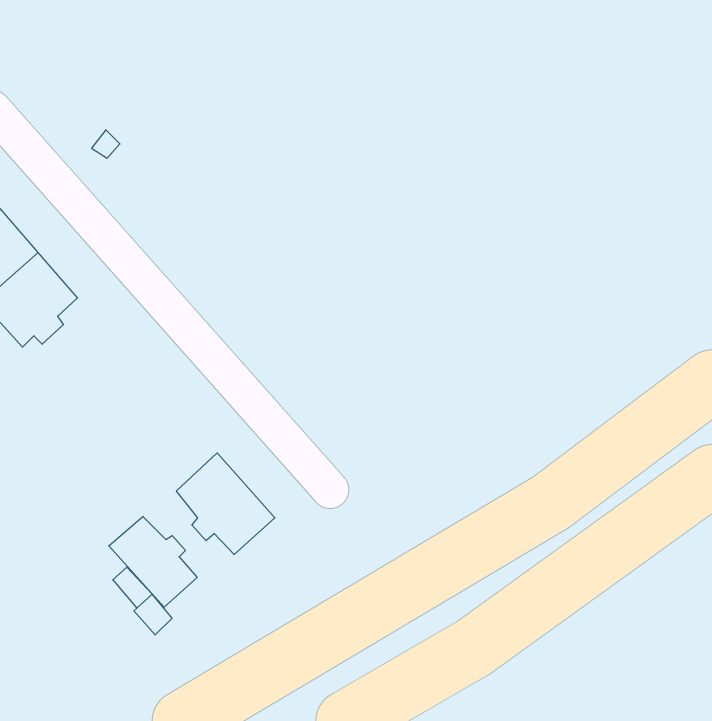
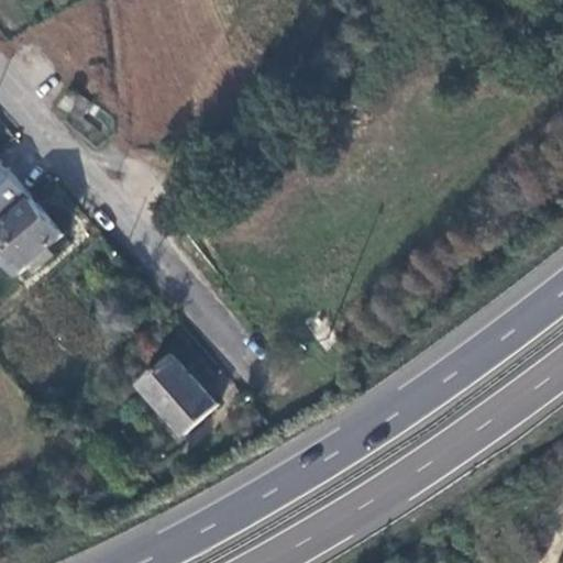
building: [109,516,197,607] -> none

